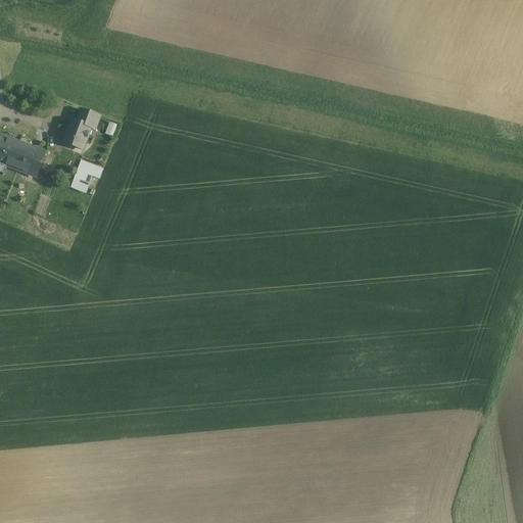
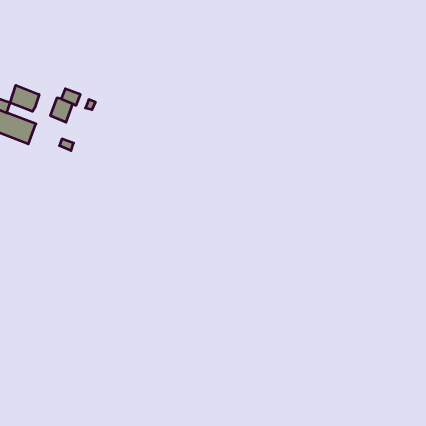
building: none -> [10,85,39,111]

